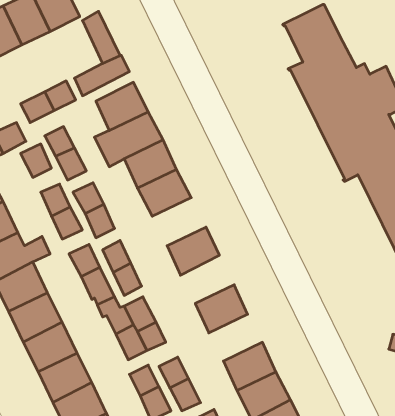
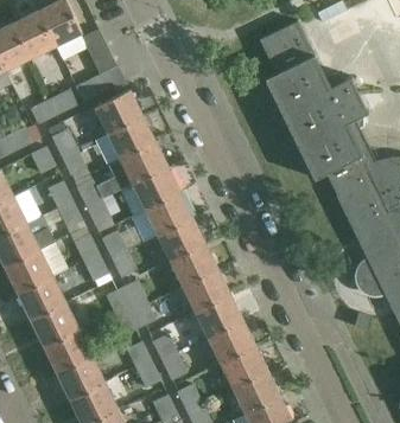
building: none -> [145,193,192,236]
building: none -> [170,244,217,287]
building: none -> [195,296,242,338]

